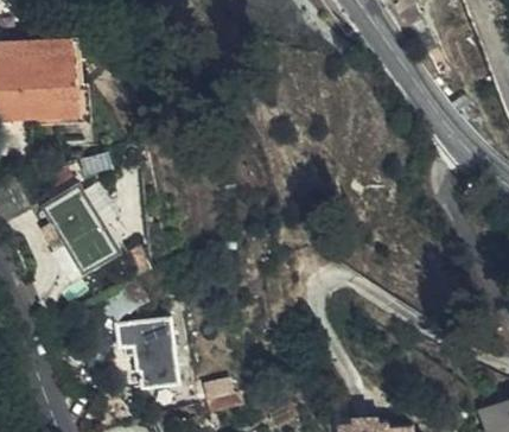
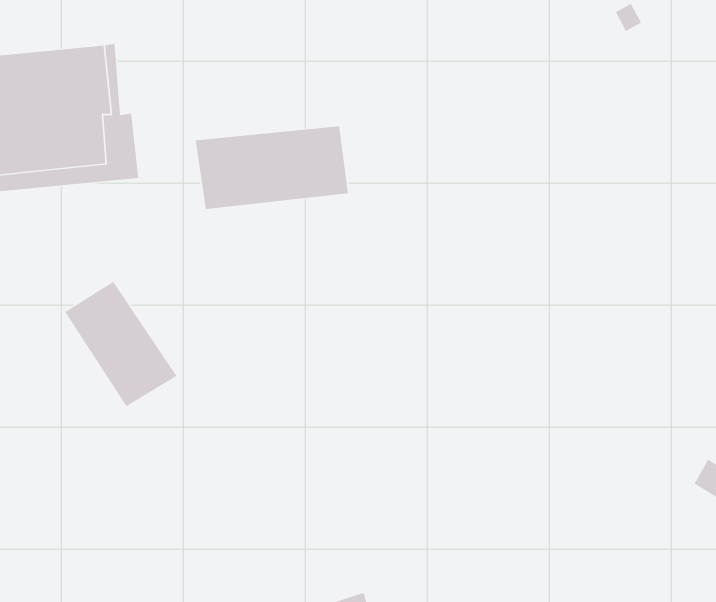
building: none -> [195,125,349,210]
building: [115,316,180,385] -> none

